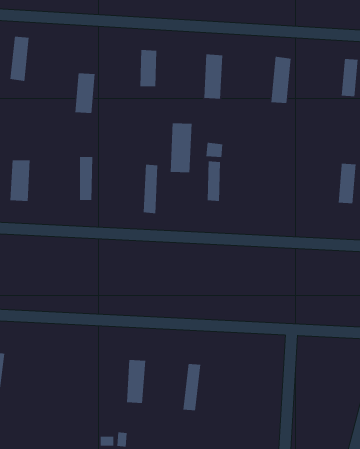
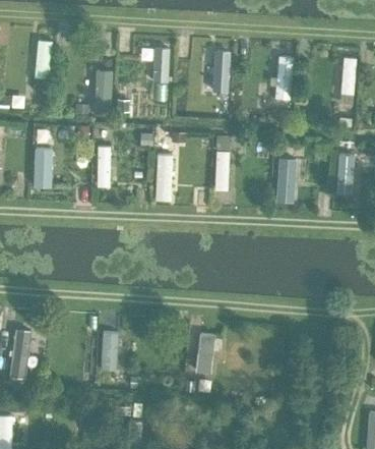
building: [170,123,192,173] -> none
building: none -> [276,159,296,204]
building: [126,359,146,403] -> [100,331,118,372]

